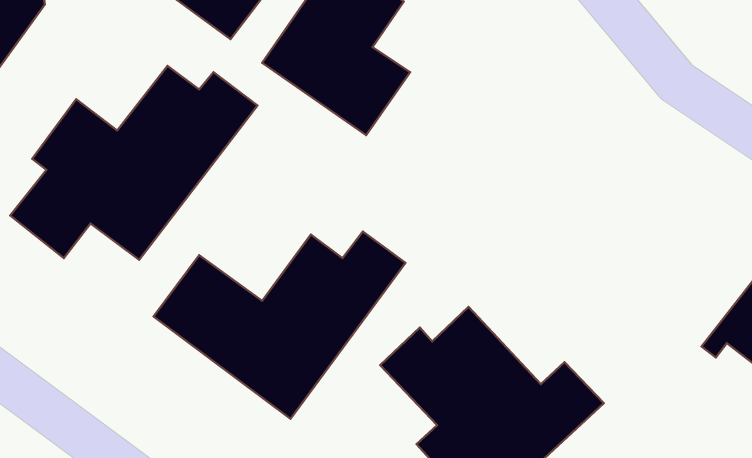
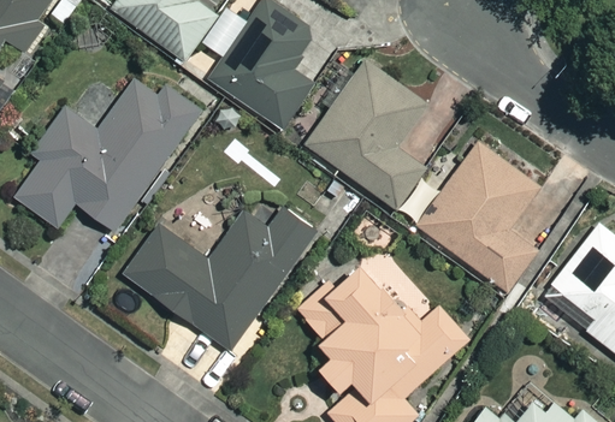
building: none -> [297,57,424,210]
building: none -> [409,138,538,292]

